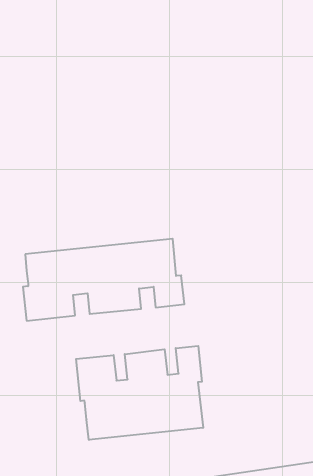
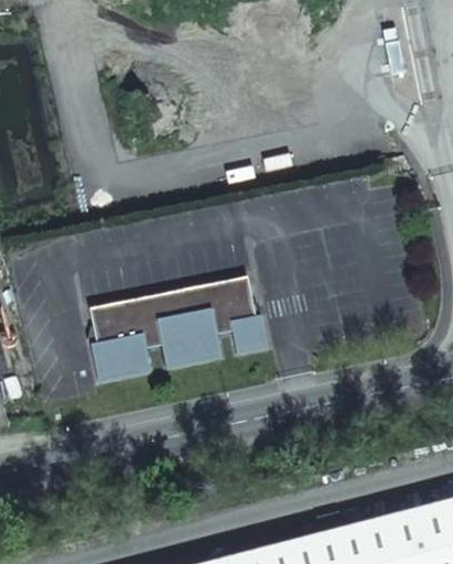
building: [76,346,203,440] -> none

